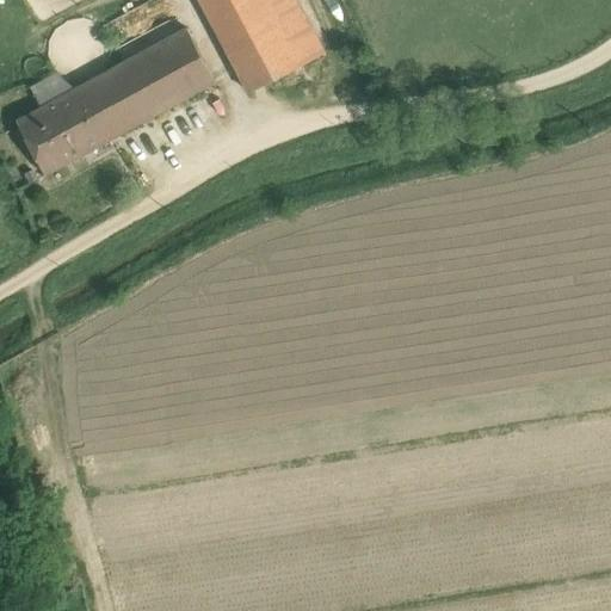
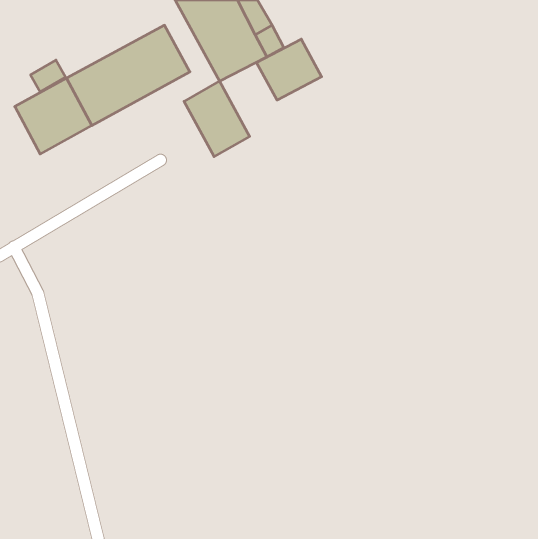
building: none -> [257,39,322,100]
building: none -> [184,81,250,157]

